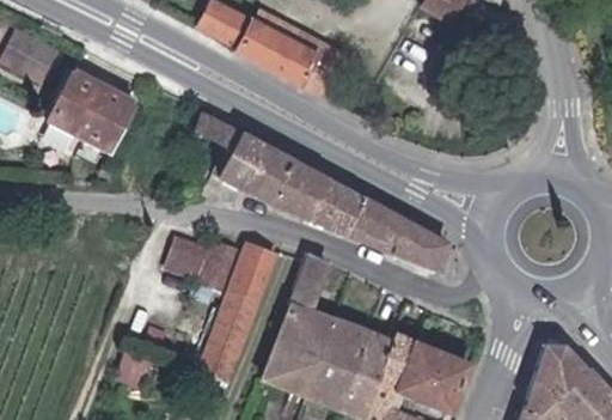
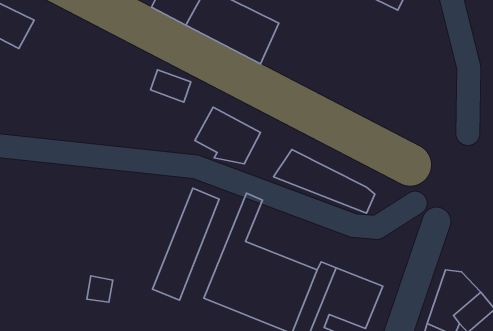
building: [47,68,140,156] -> none
building: [219,134,269,189] -> none
building: [306,179,362,232] -> none
building: [165,225,239,285] -> none

